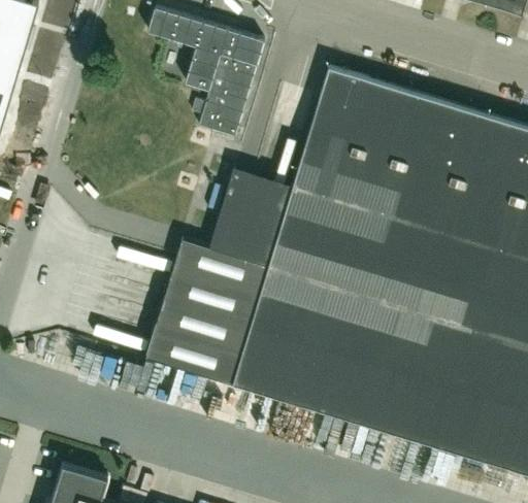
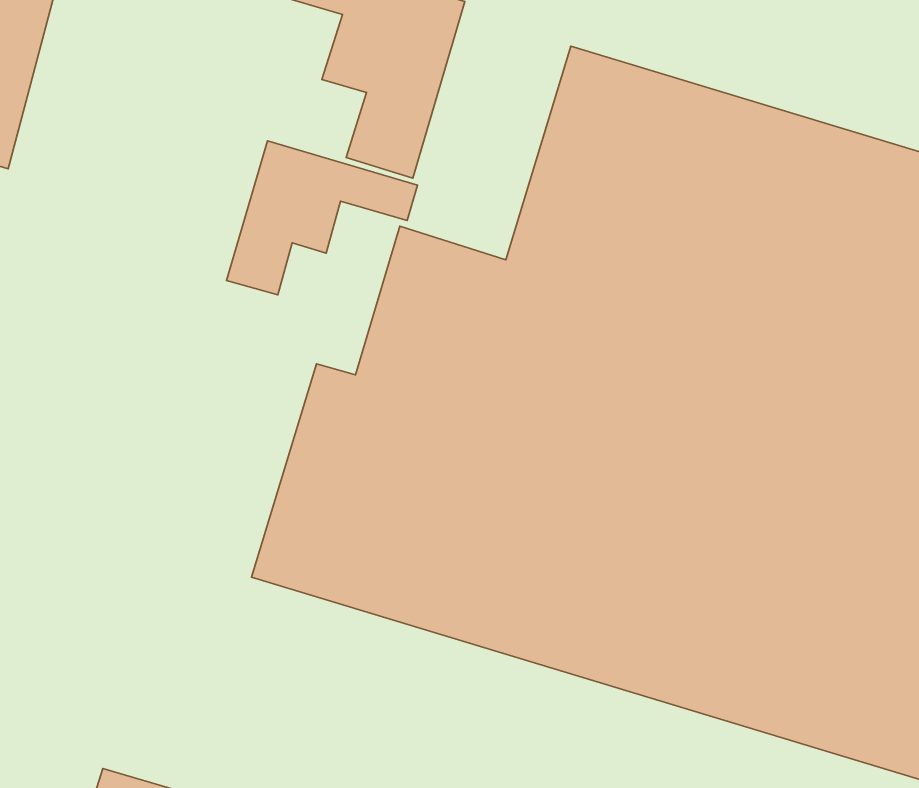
building: none -> [226,141,418,295]

